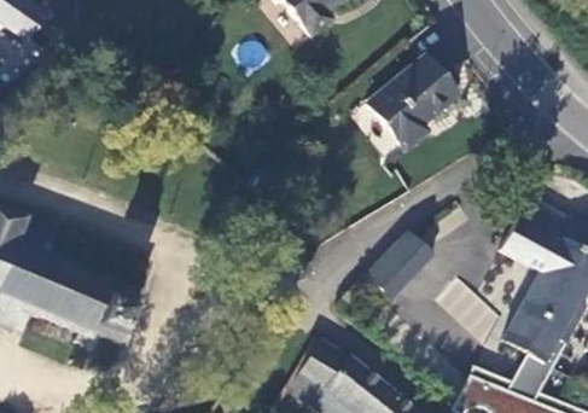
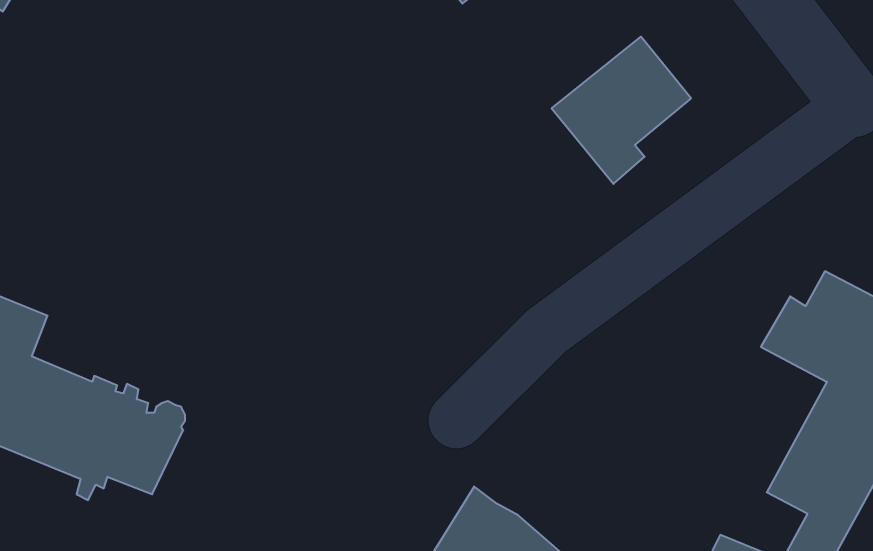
building: [366,232,432,301] -> none
building: [437,277,501,337] -> none

